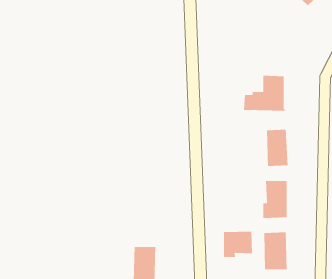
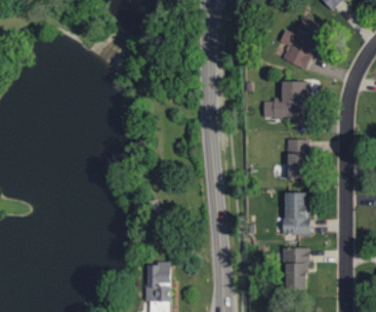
building: none -> [280,23,324,69]
building: [223,231,253,258] -> none

